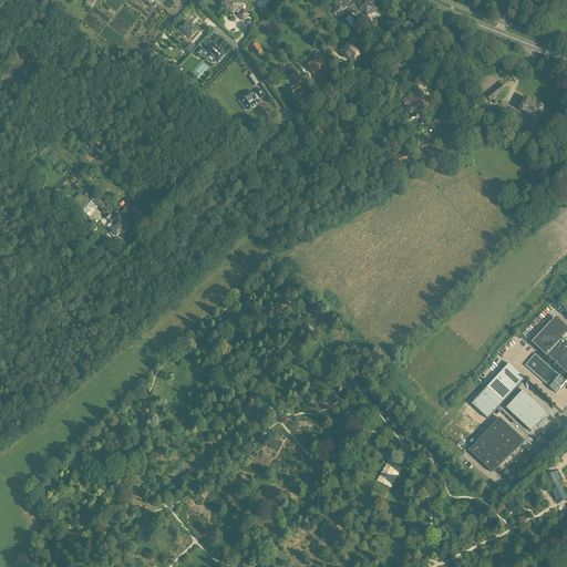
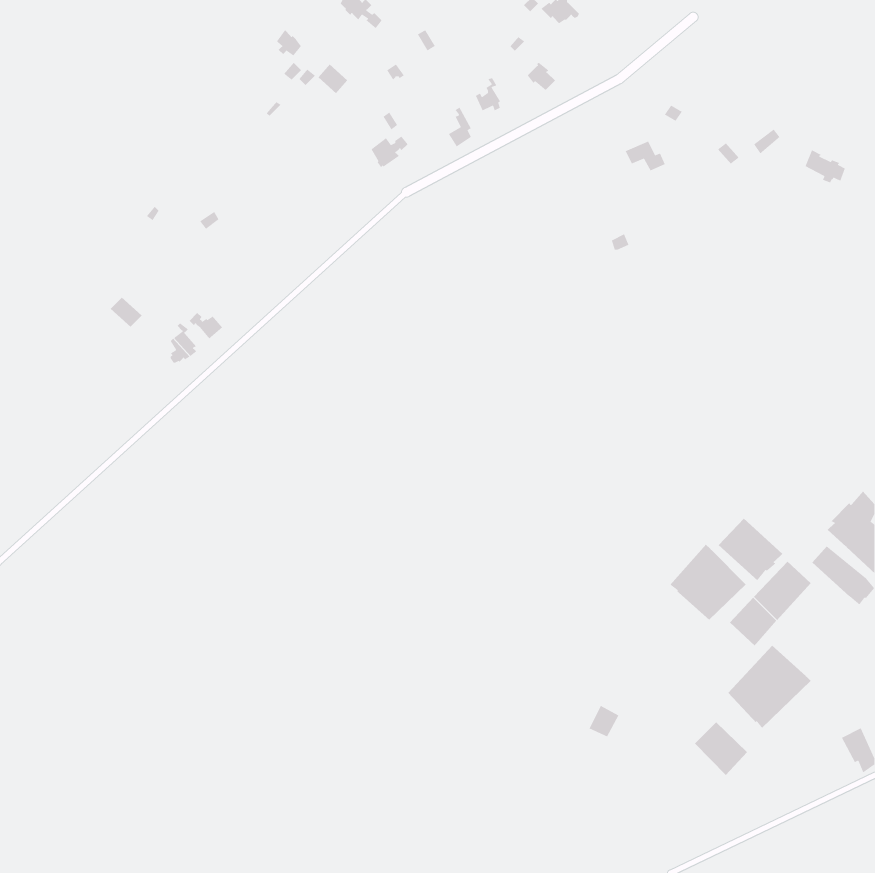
building: none -> [670,544,746,621]
building: [505,389,547,430] -> [718,518,783,581]
building: none -> [694,721,748,776]

